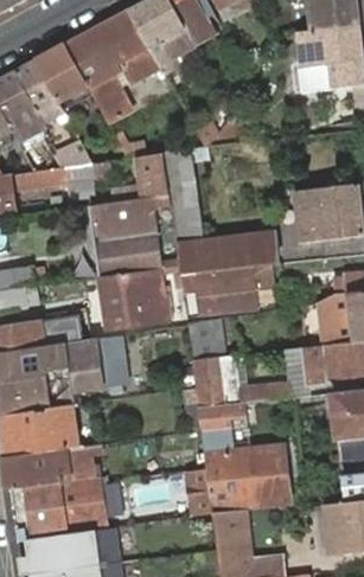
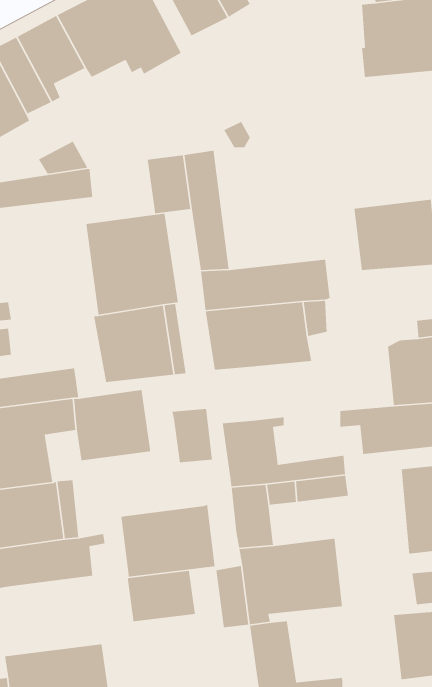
building: [91,79,136,128] -> none
building: [186,316,218,359] -> [172,408,213,463]
building: [28,476,102,533] -> [121,504,215,577]

